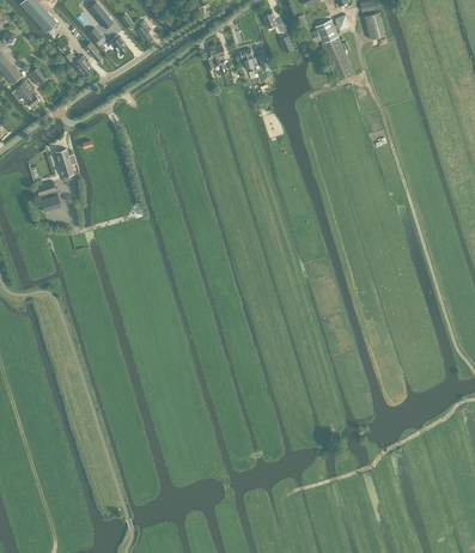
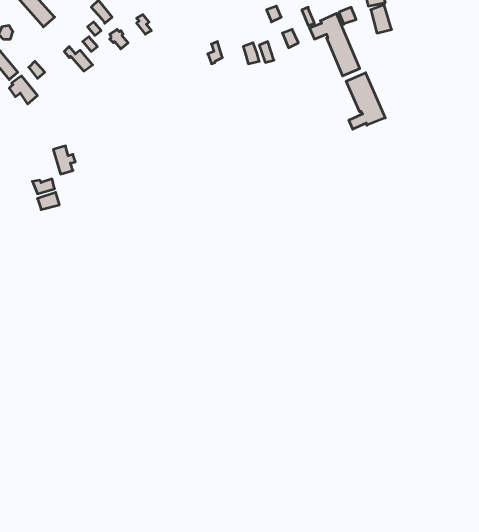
building: none -> [346,73,385,129]

